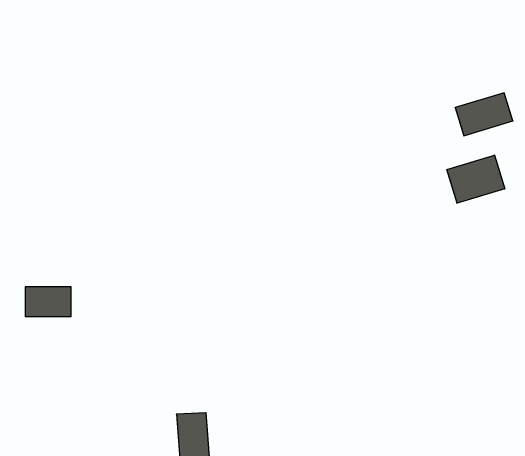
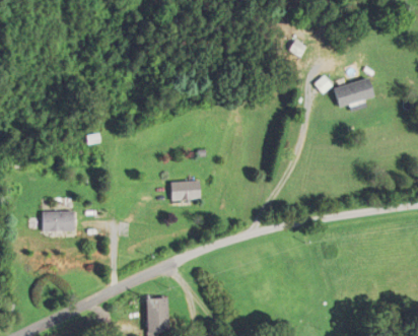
building: [447,155,505,203] -> none
building: none -> [168,181,201,201]

